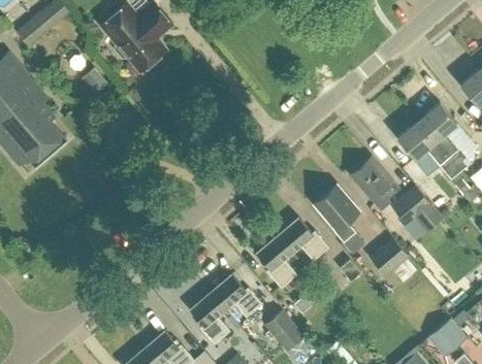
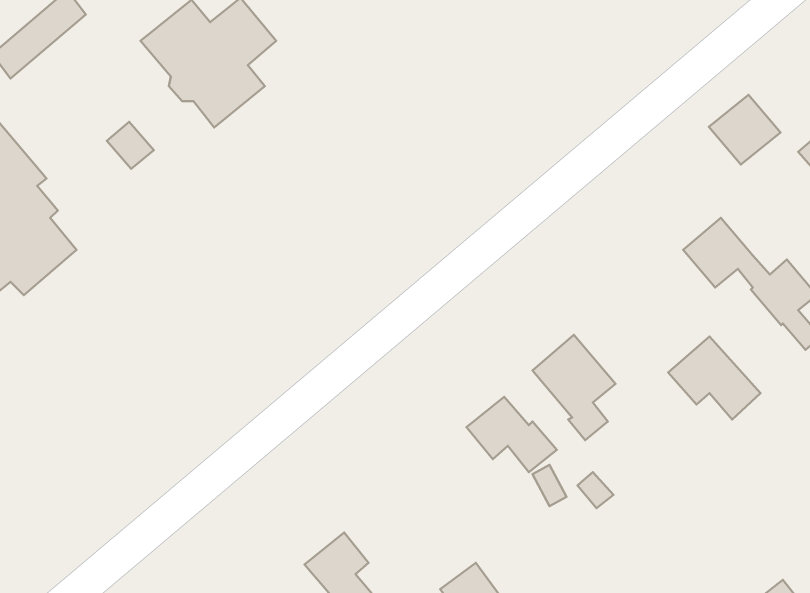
building: [418,104,457,142] -> [709,95,780,165]
building: [350,158,399,211] -> none
building: [258,236,296,288] -> none
building: [368,238,407,276] -> none
building: [212,275,261,317] -> none

